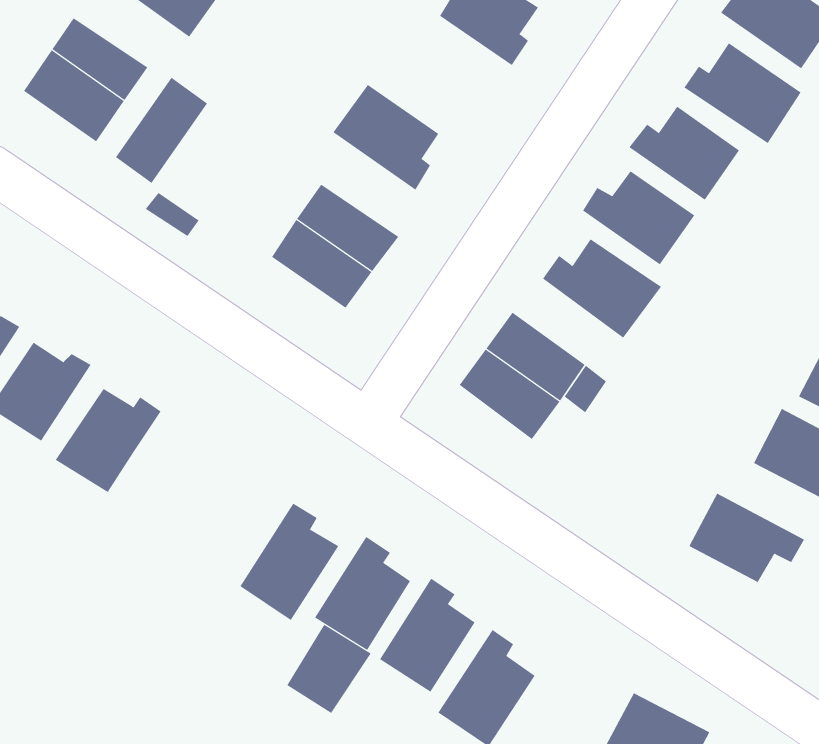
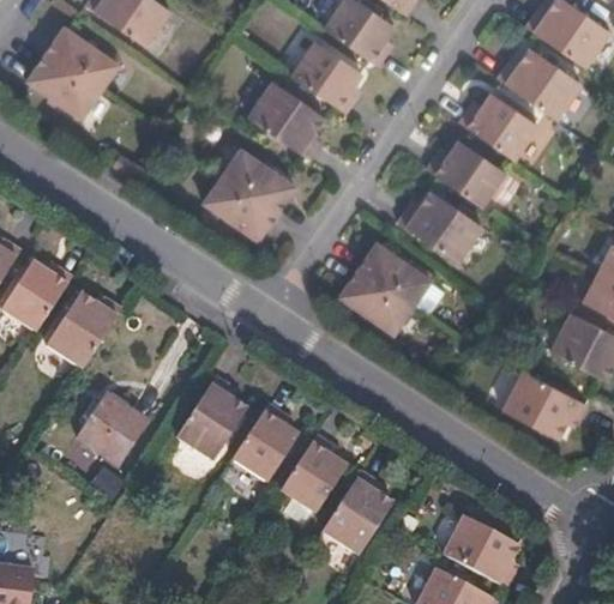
building: none -> [288,37,360,111]
building: [115,77,208,184] -> none
building: none -> [76,398,146,469]
building: [287,624,371,714] -> none

